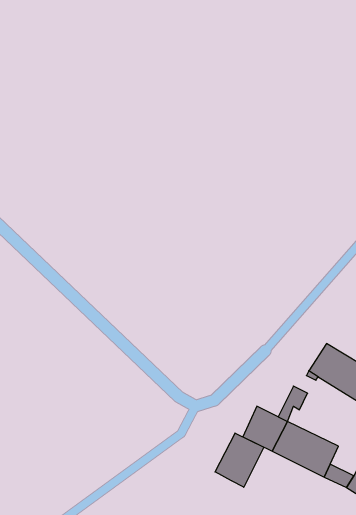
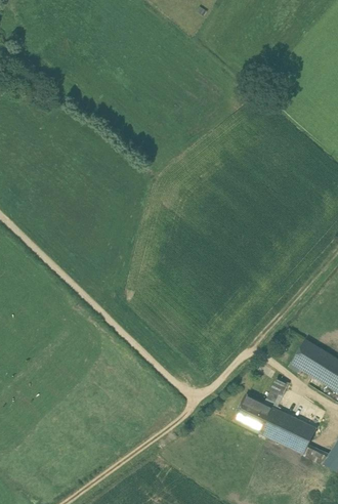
building: [215,433,264,487] -> none

